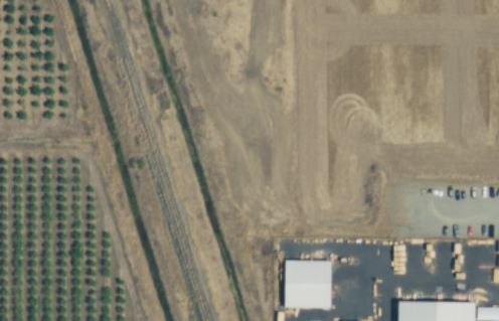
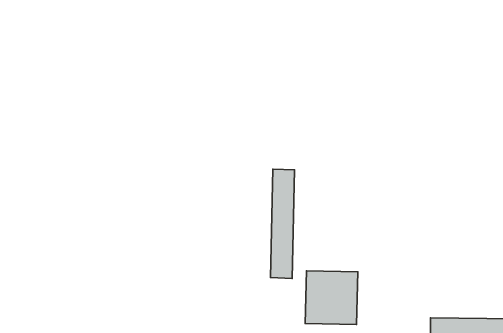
building: none -> [270,169,295,279]

